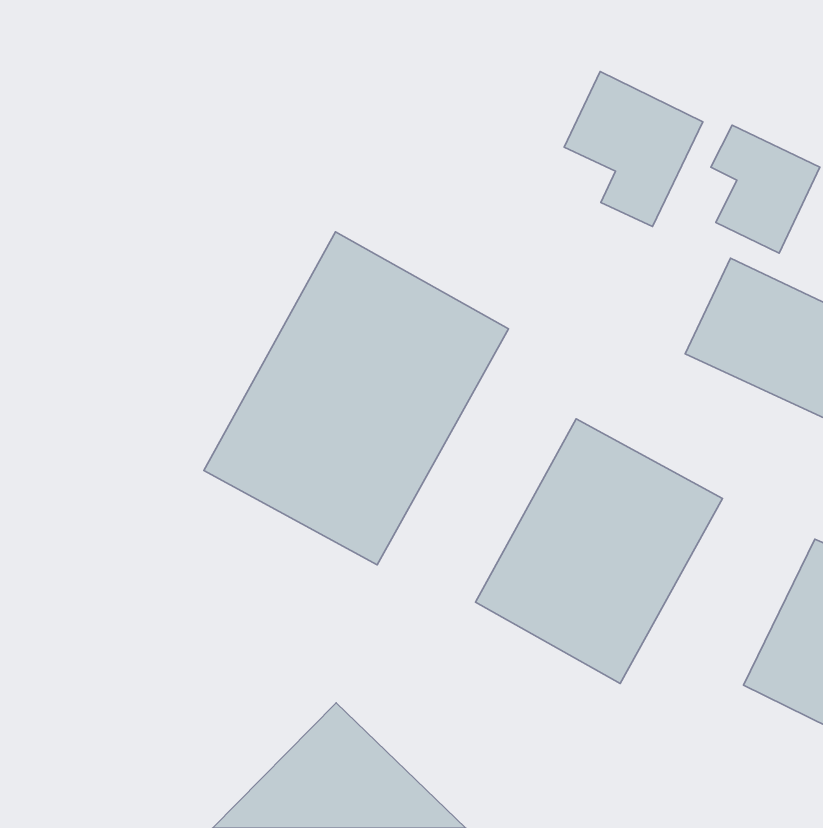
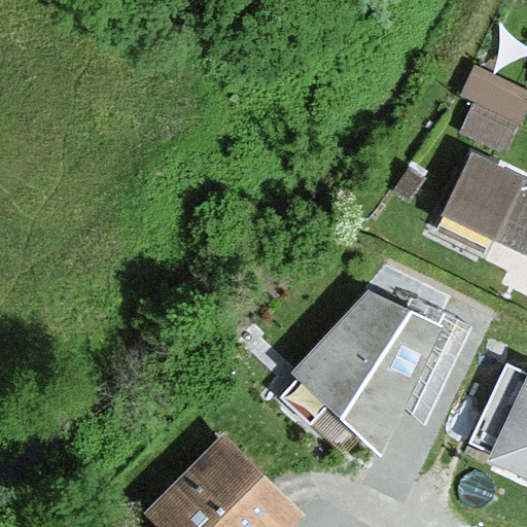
building: [564,72,703,226] -> none
building: [204,232,508,565] -> none

